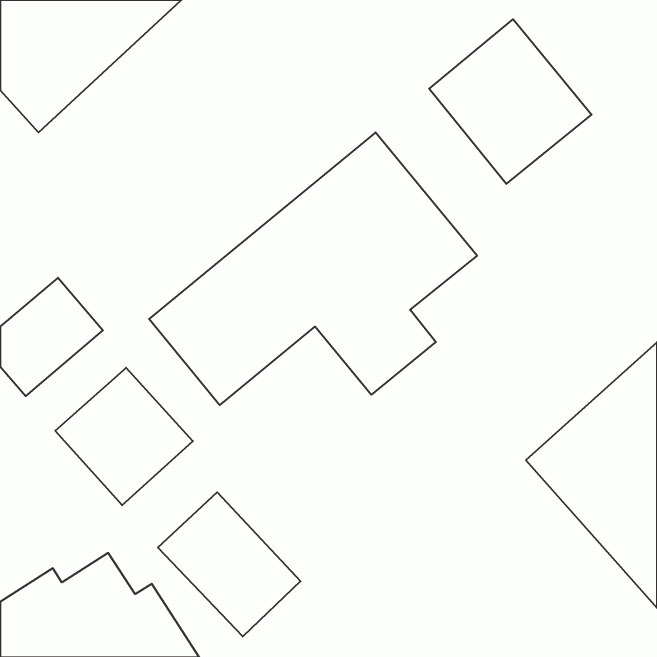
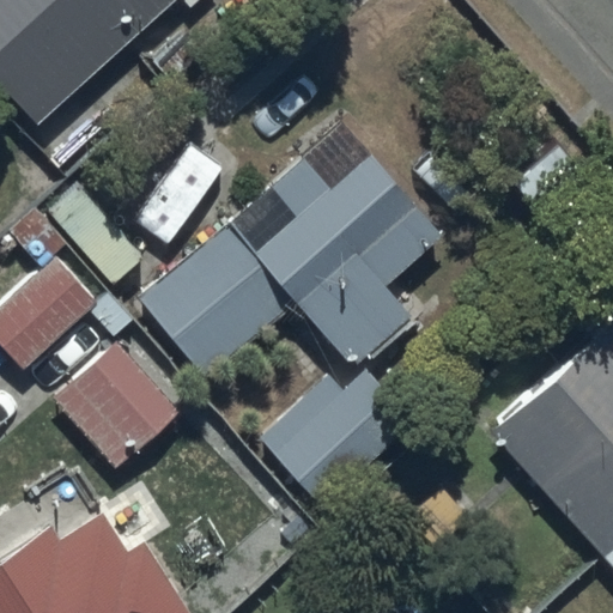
building: [429,19,592,184] -> none
building: none -> [256,370,413,508]
building: [158,492,301,637] -> none

